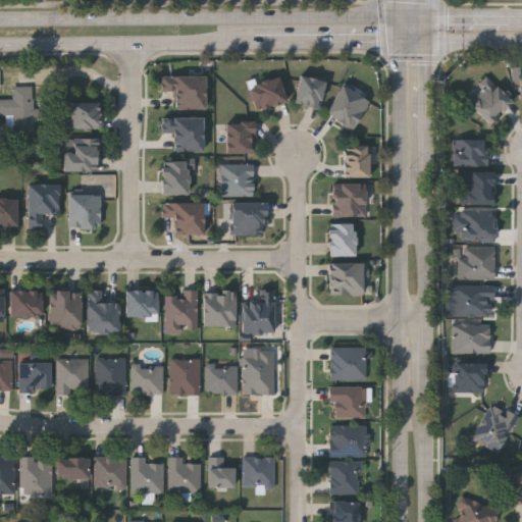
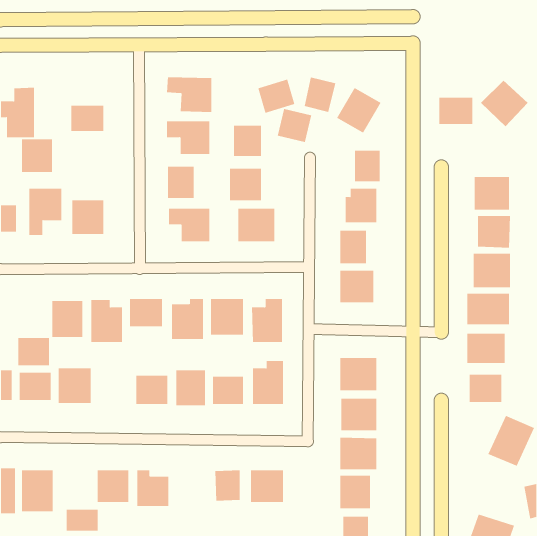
building: none -> [277,108,312,143]
building: [68,139,99,171] -> [21,139,53,173]
building: [454,140,487,166] -> [439,97,473,124]
building: [10,291,42,318] -> [17,338,50,366]
building: [96,358,125,395] -> none
building: [57,457,89,478] -> [66,509,98,531]
building: [169,457,201,492] -> none

